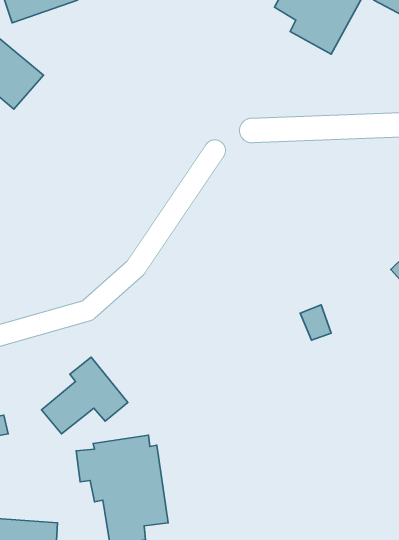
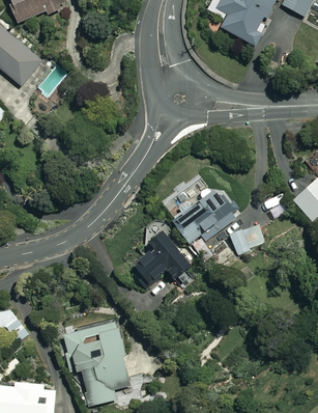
building: none -> [171,184,241,244]
building: [41,357,128,434] -> [127,231,191,287]

